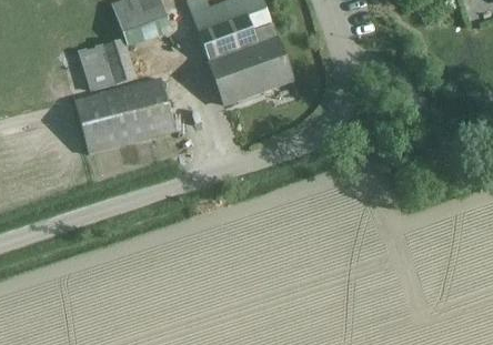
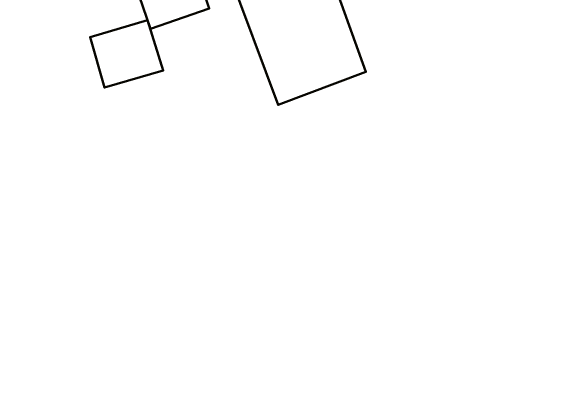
building: [74,78,175,153] -> none

